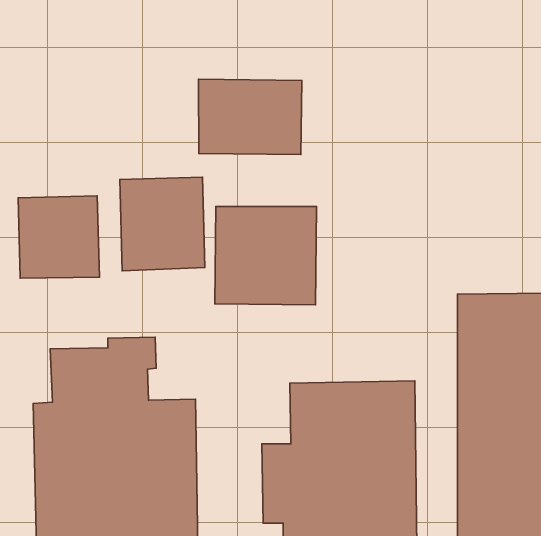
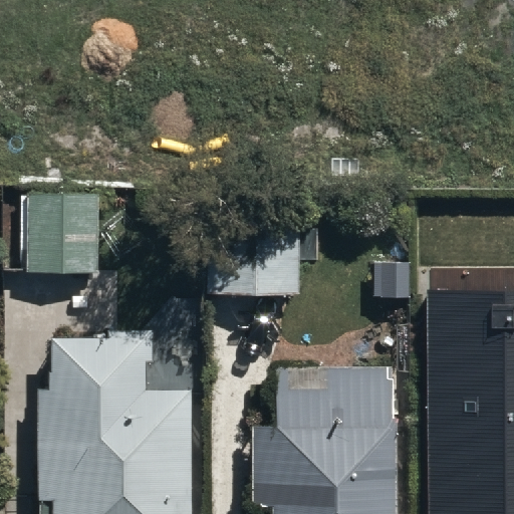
building: [198,79,302,154] -> none
building: [120,177,205,271] -> none

